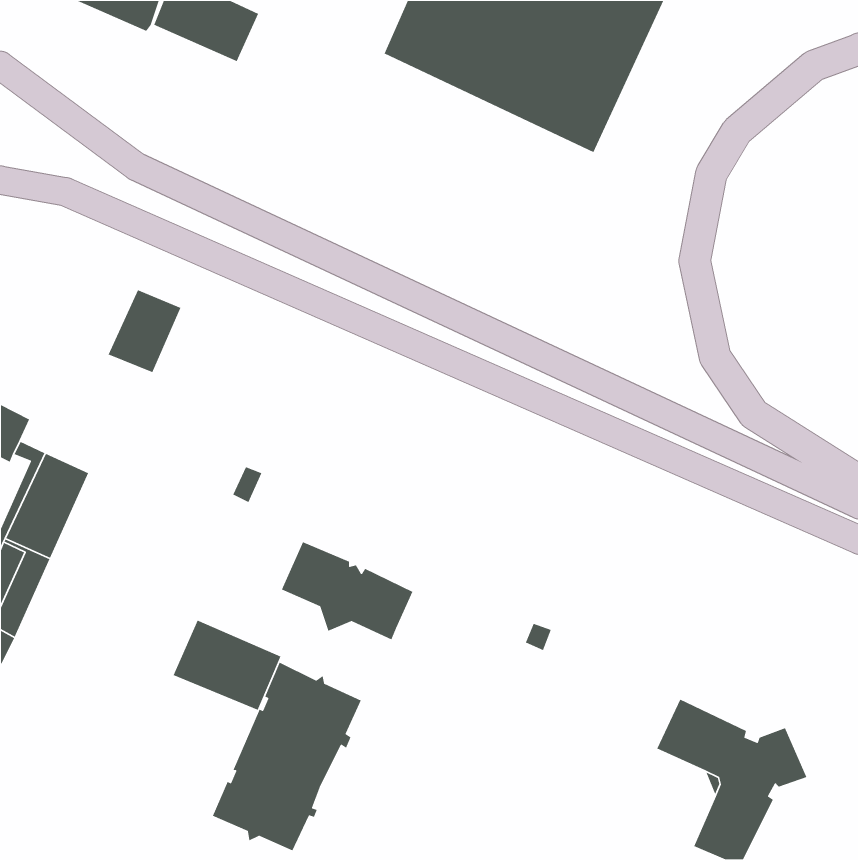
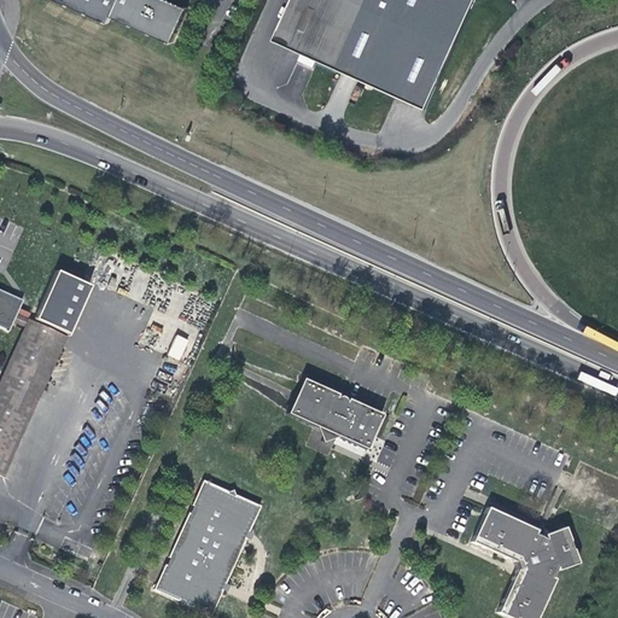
building: [107,289,181,373] -> [35,274,88,334]
building: [281,541,414,640] -> [287,373,383,444]
building: [172,619,282,711] -> none

